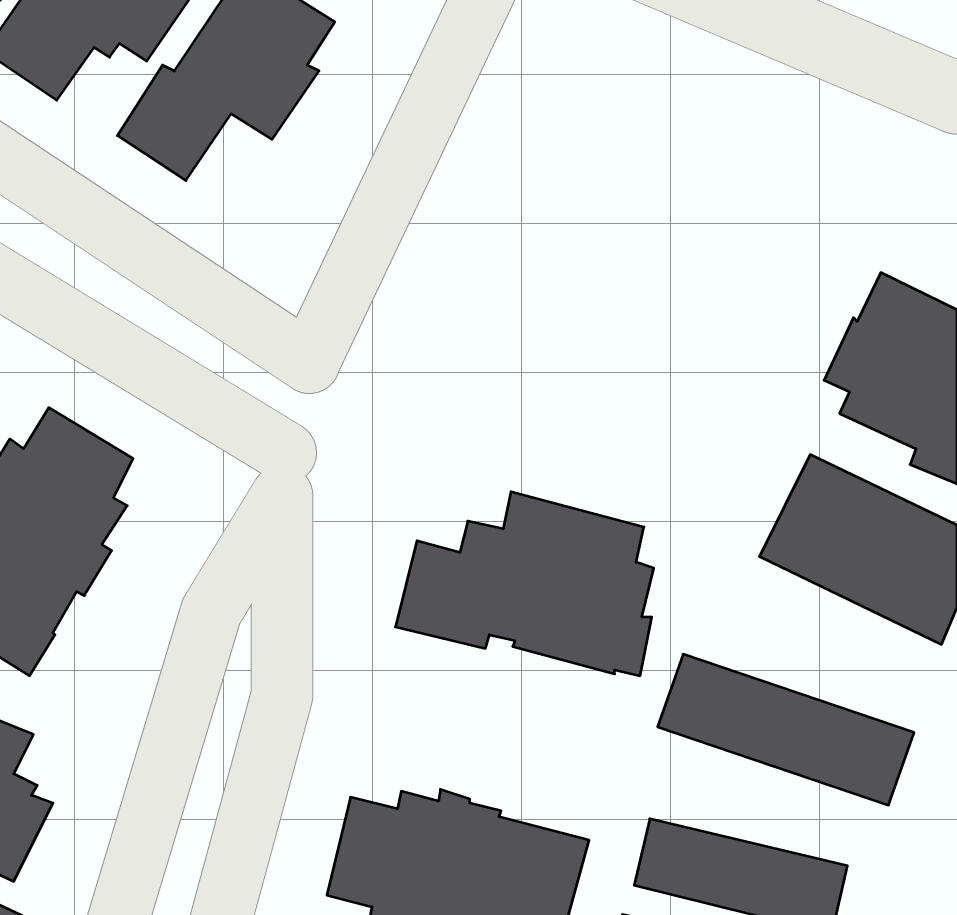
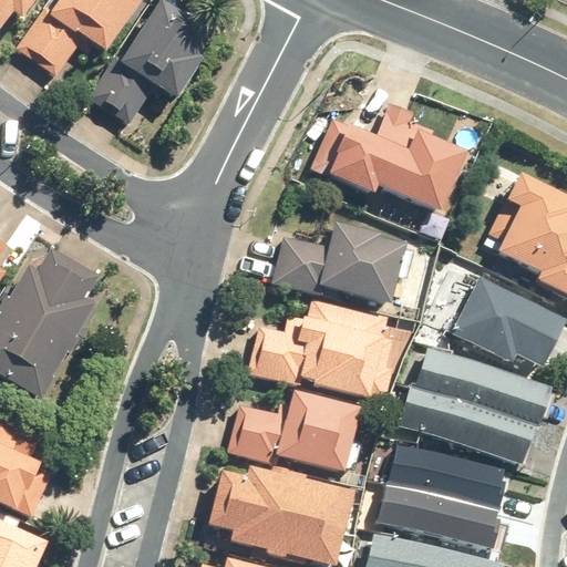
building: none -> [310,102,467,213]
building: none -> [269,220,406,302]
building: none -> [409,347,553,432]
building: none -> [225,391,361,473]
building: none -> [390,443,512,507]

